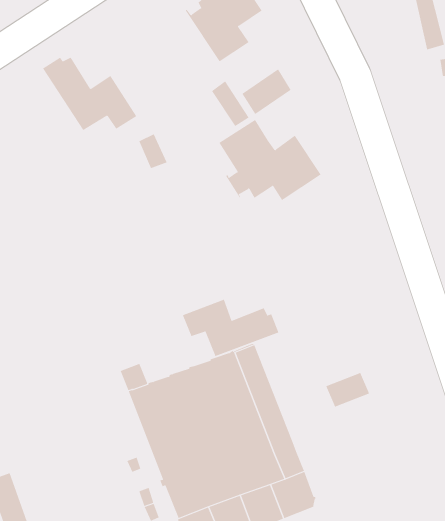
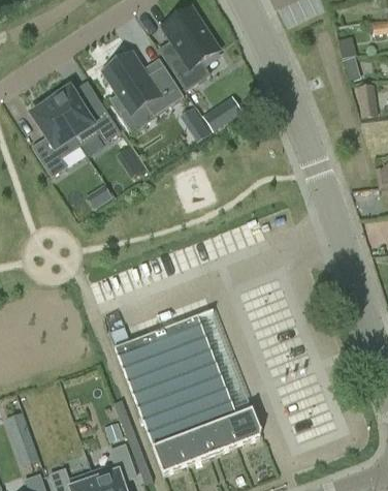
building: none -> [30,95,79,178]
building: [218,119,321,201] -> [103,53,184,117]
building: [182,299,279,357] -> none
building: [326,372,370,408] -> none

